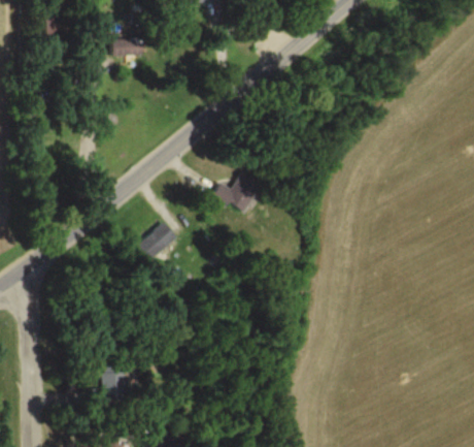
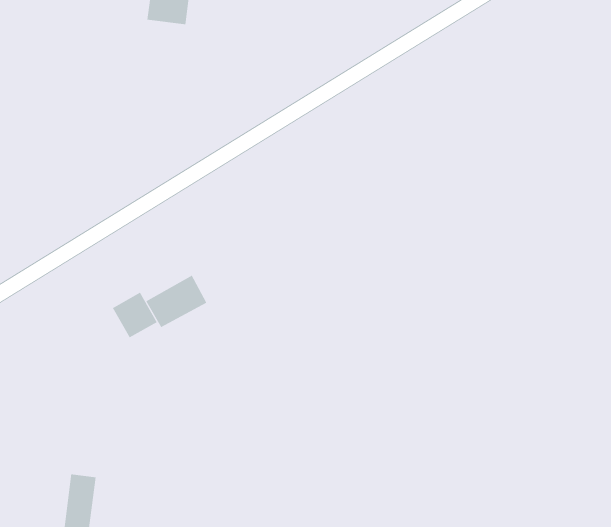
building: [212,169,263,213] -> none
building: none -> [112,292,157,338]

